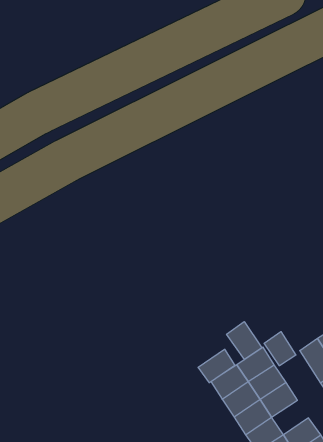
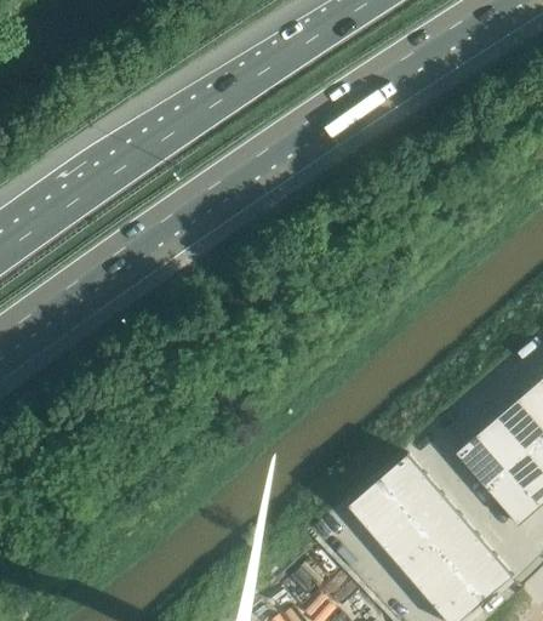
building: [227,322,262,360] -> none
building: [264,332,296,366] -> none
building: [198,349,235,383] -> none
building: none -> [430,515,478,562]

